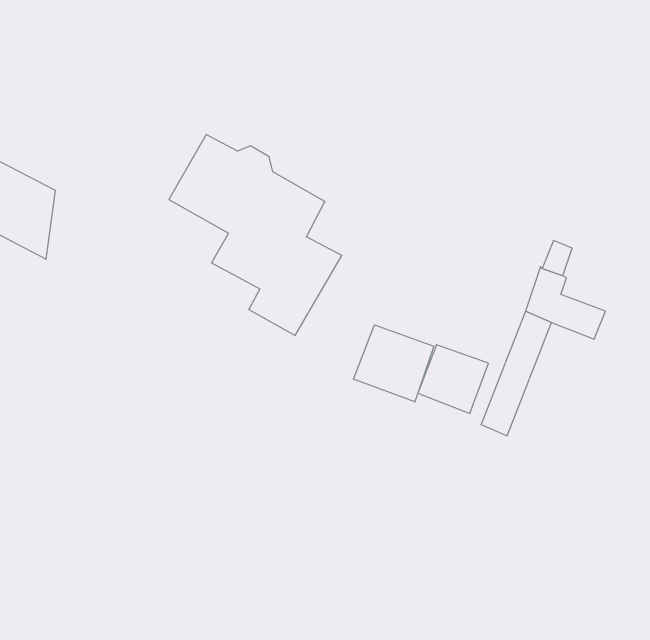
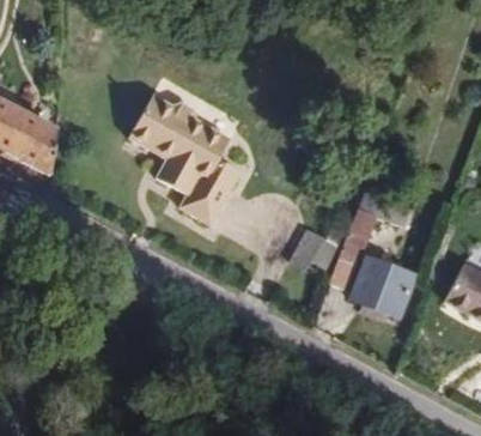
building: [354,325,434,402] -> none
building: none -> [351,258,414,316]

